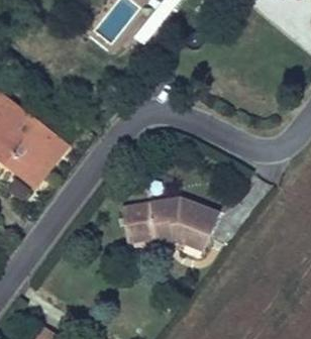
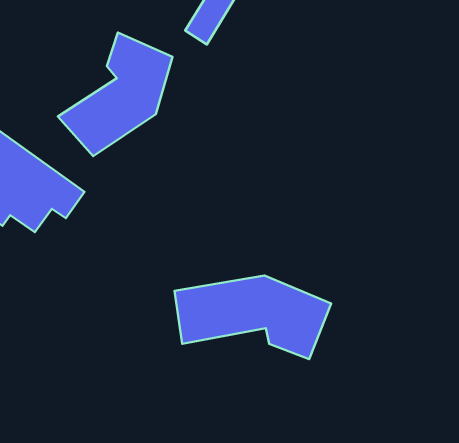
building: none -> [58,32,172,156]

